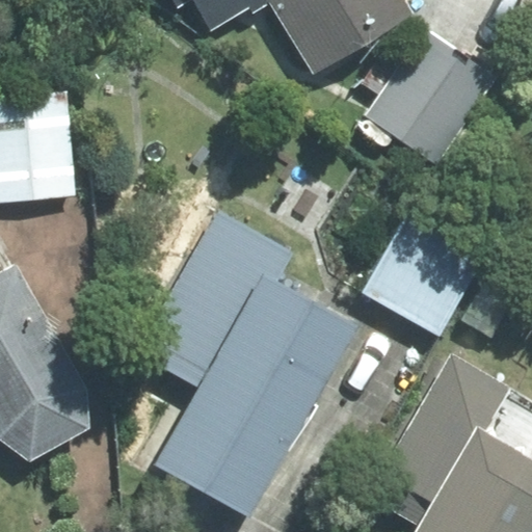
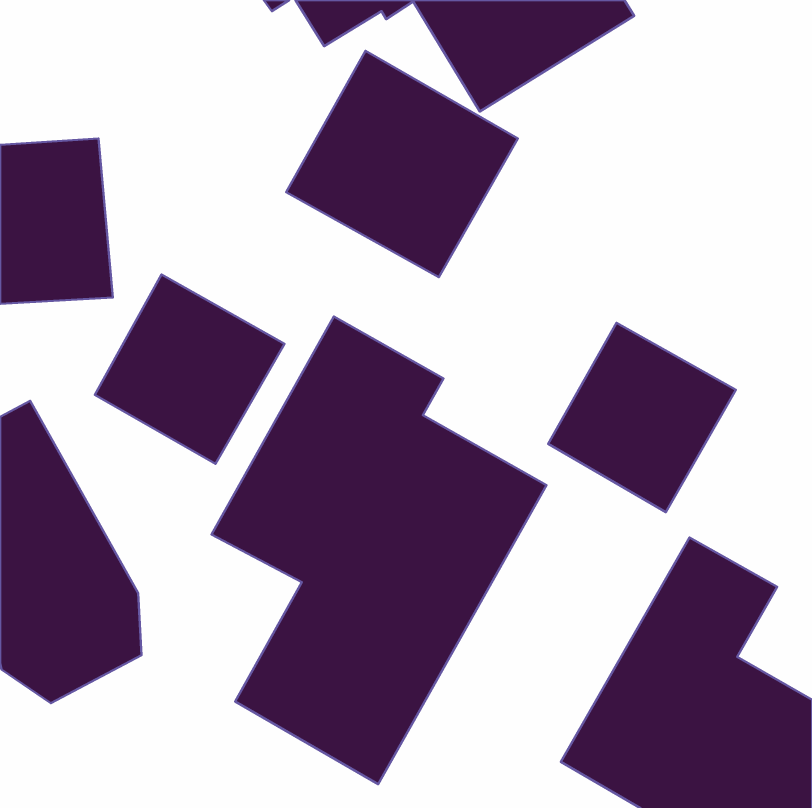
building: [364,28,495,165] -> none
building: none -> [286,51,518,277]
building: none -> [95,275,284,464]

